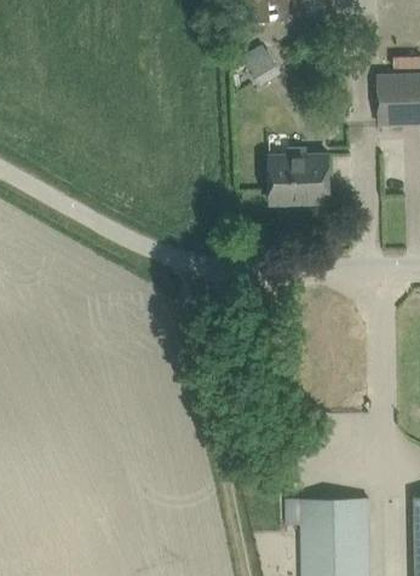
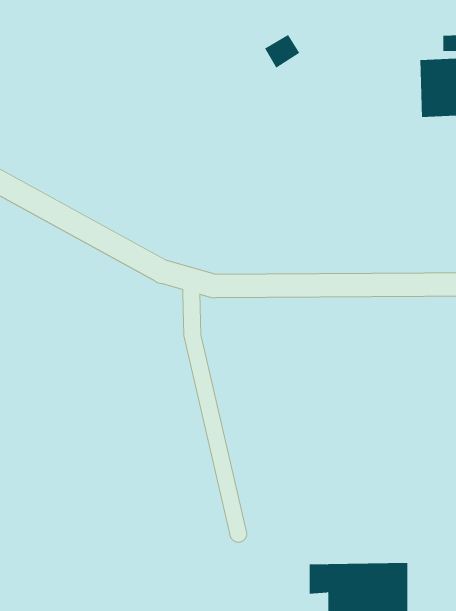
building: [269,155,330,203] -> none

